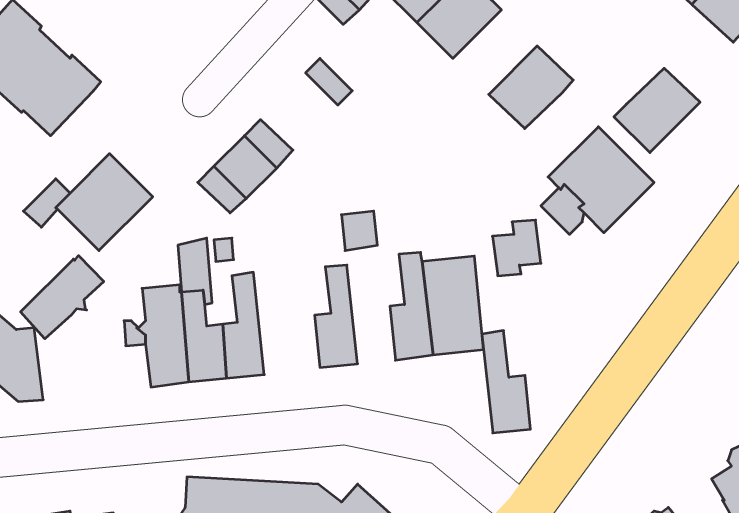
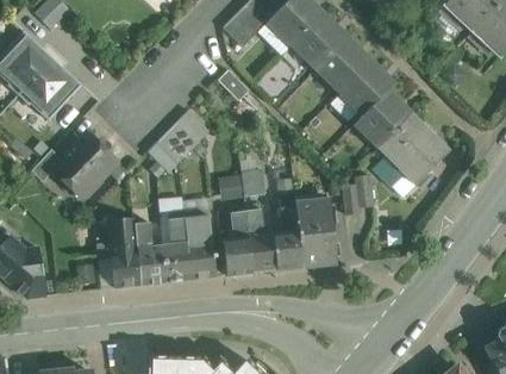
building: none -> [316,37,371,93]
building: [614,68,700,153] -> [355,92,412,148]
building: [21,256,104,339] -> none
building: none -> [183,208,215,279]
building: [482,331,530,433] -> [245,204,277,272]

